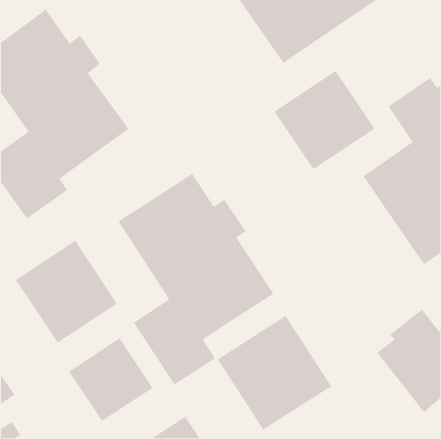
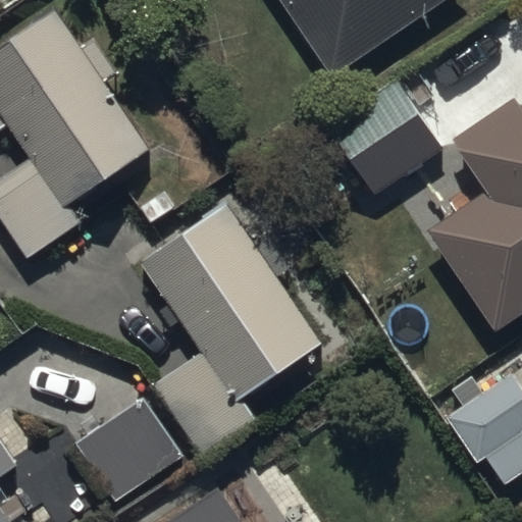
building: [15,240,118,344] -> none
building: [217,315,332,431] -> none

